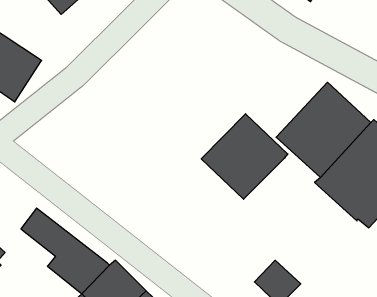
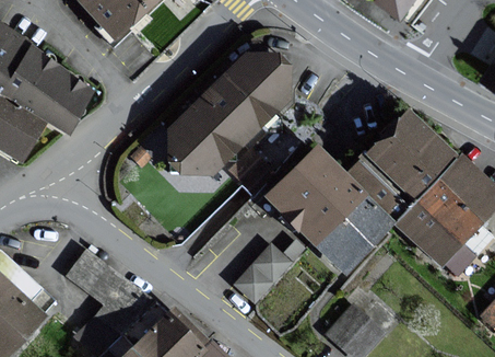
building: none -> [173,53,292,172]
building: none -> [316,196,392,273]
building: none -> [236,247,286,301]

